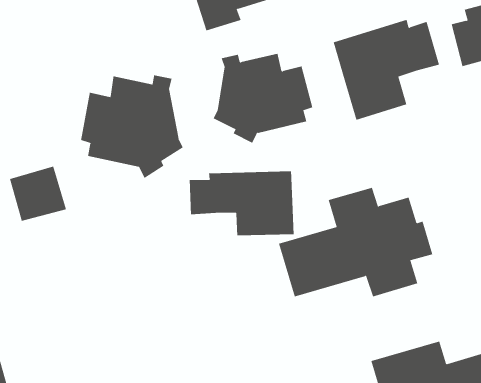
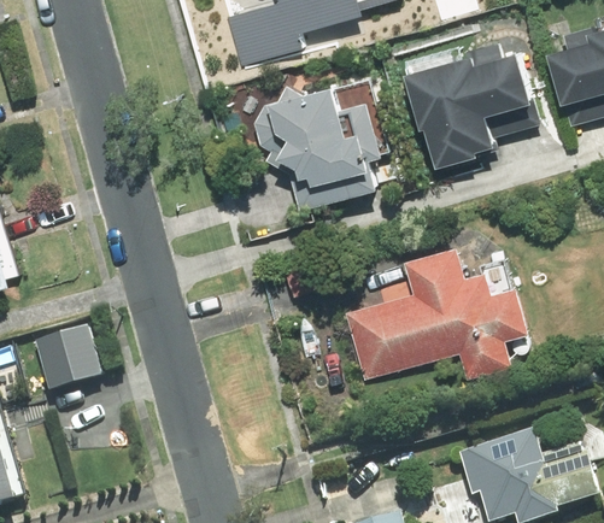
building: [81,75,184,179] -> none
building: [9,166,67,222] -> [27,327,96,394]
building: [189,171,294,236] -> none

